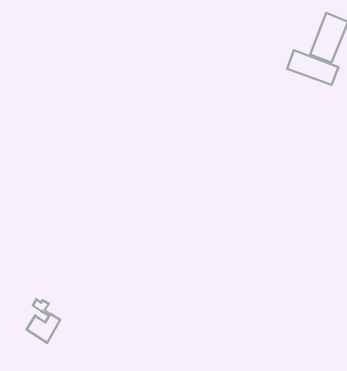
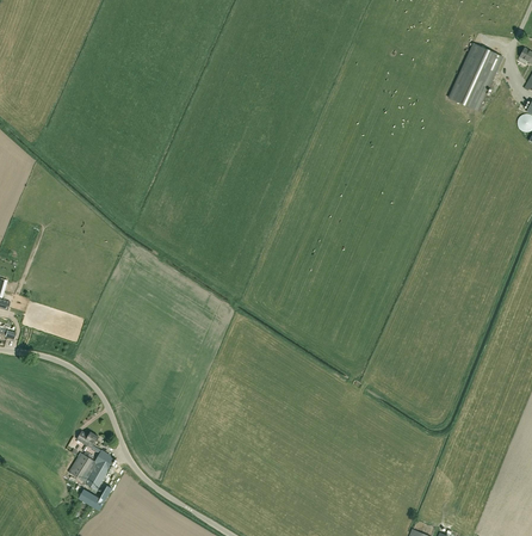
building: [287,50,338,85] -> none

